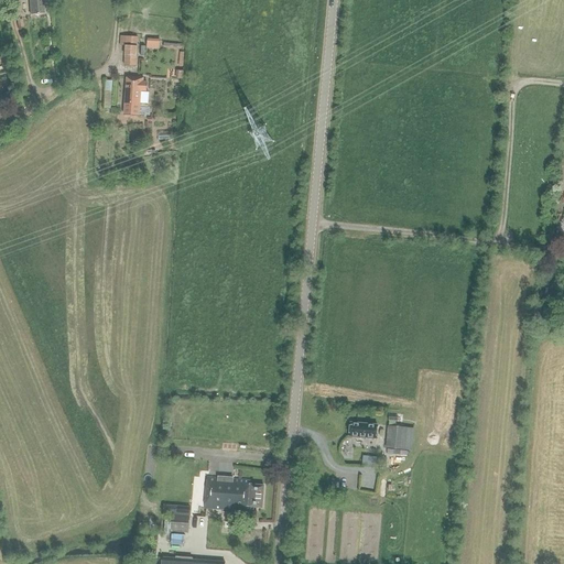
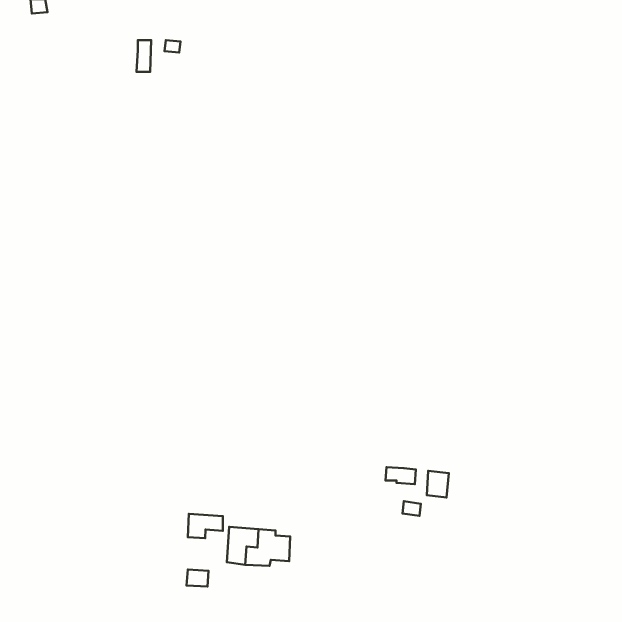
building: [122,76,145,116] -> none
building: none -> [188,514,223,538]

